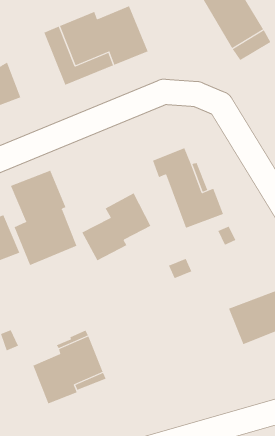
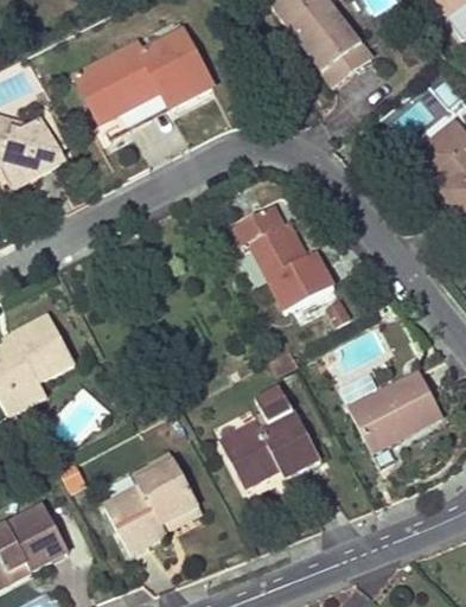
building: [10,170,77,266] -> none
building: [82,193,151,261] -> none
building: none -> [221,384,321,487]

